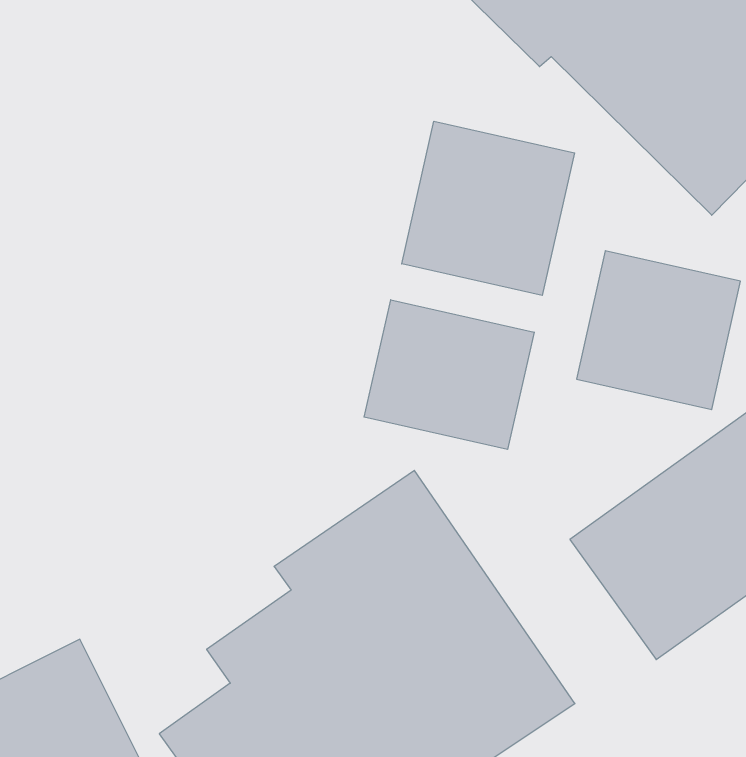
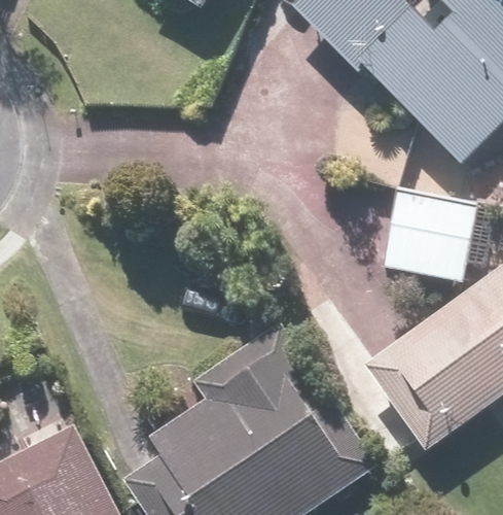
building: [402,121,575,295] -> none
building: [364,300,534,449] -> none

